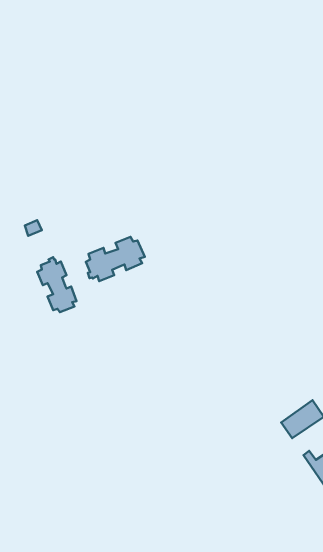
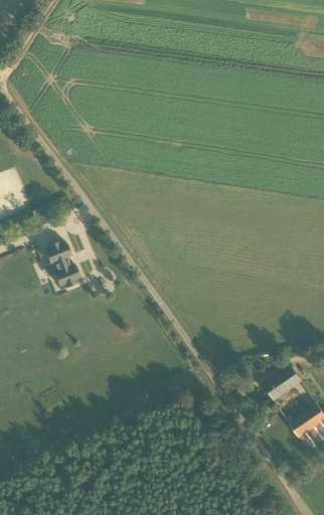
building: [86,237,145,281] -> none

